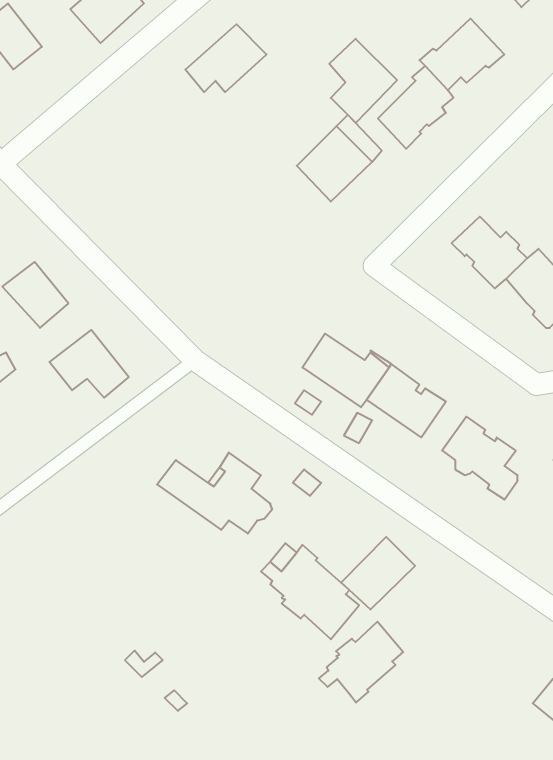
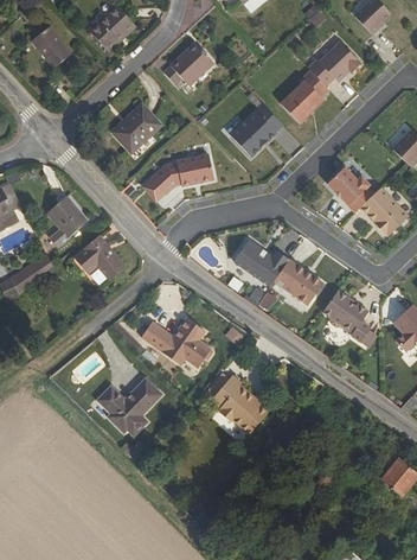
building: [329,39,397,123] -> none
building: none -> [103,101,155,152]
building: none -> [150,154,213,195]
building: [341,537,415,610] -> none
building: none -> [97,375,163,434]
building: [319,622,403,703] -> none

